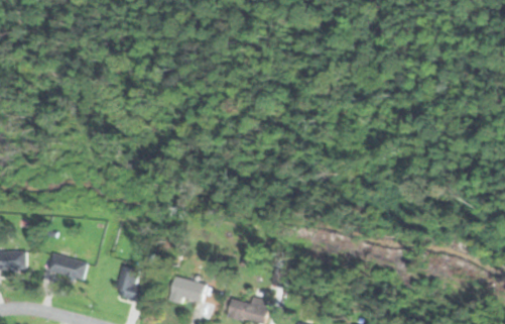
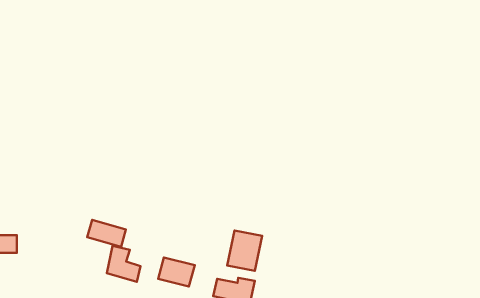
building: none -> [227,231,262,271]
building: [45,251,86,280] -> [87,220,126,247]

